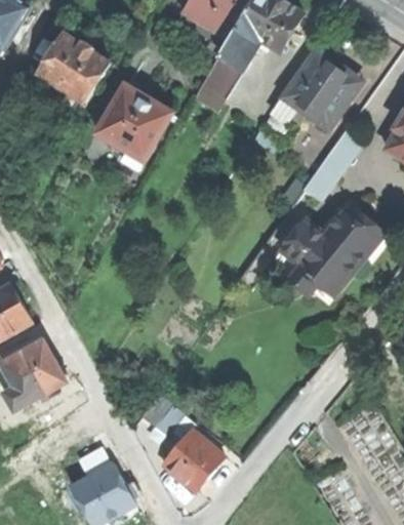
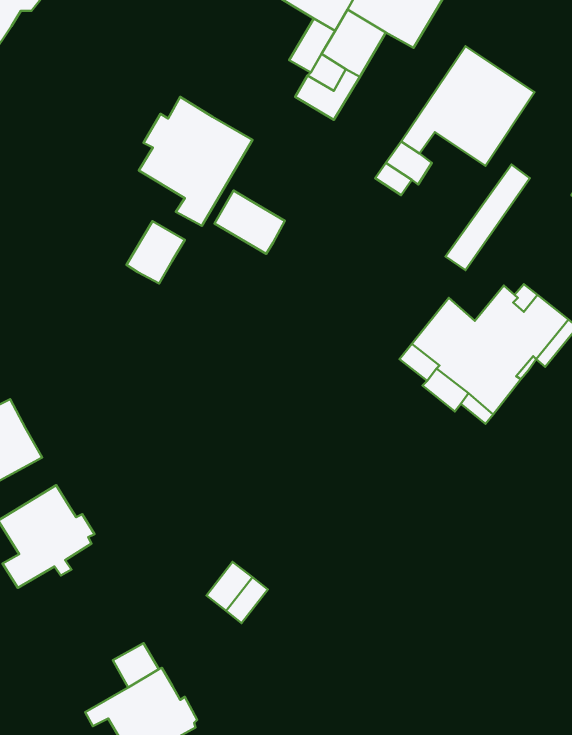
building: [37,33,109,110] -> none
building: none -> [215,190,285,254]
building: none -> [127,221,185,284]
building: [164,430,224,489] -> none

